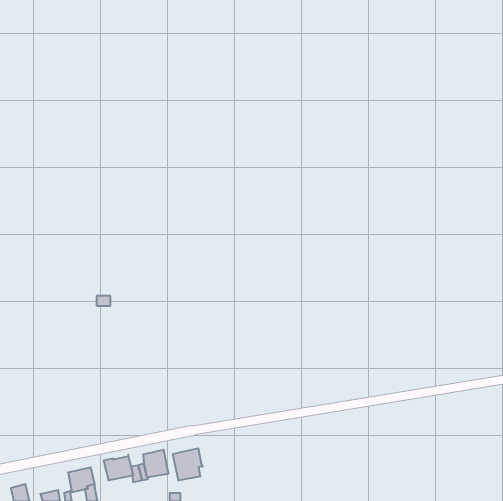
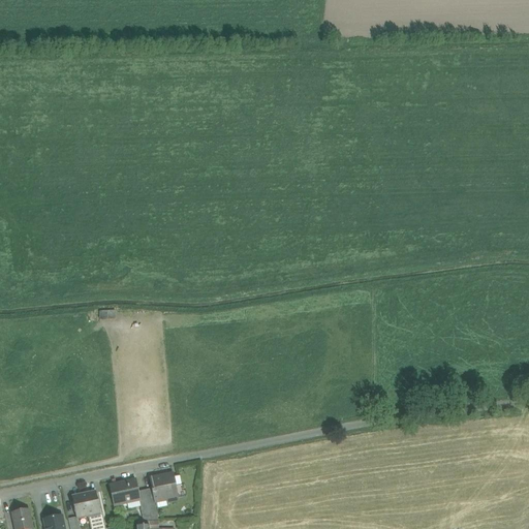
building: [173,448,203,481] -> none

